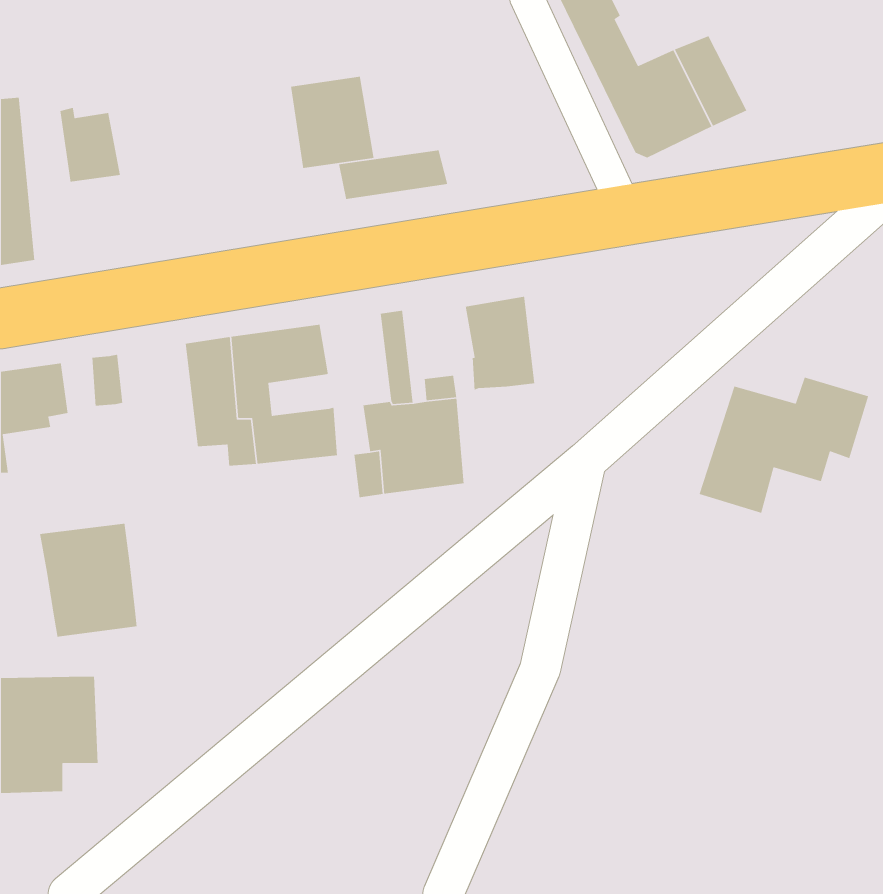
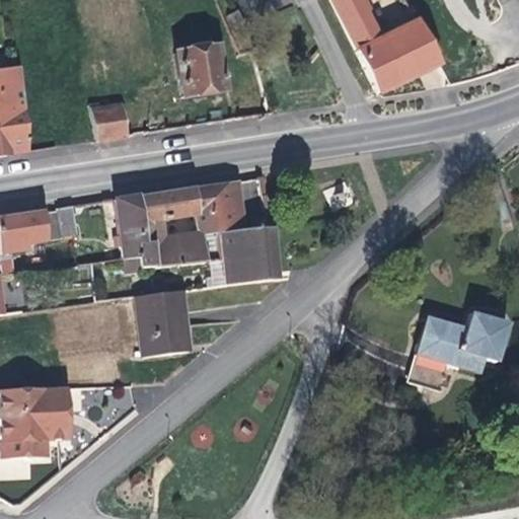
building: [59,107,121,183] -> [91,95,127,139]
building: [338,149,448,200] -> none
building: [465,296,535,391] -> [194,180,234,235]
building: [699,377,869,514] -> [413,306,511,385]
building: [39,523,138,637] -> [132,291,189,357]

